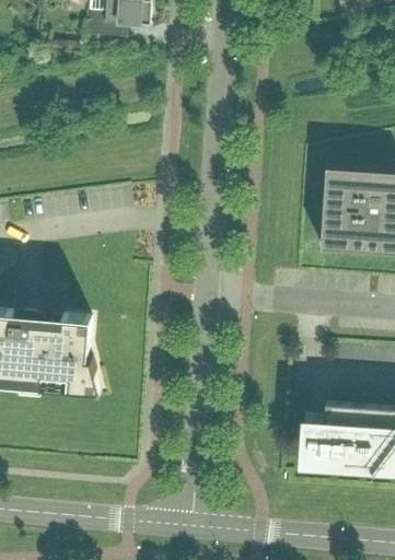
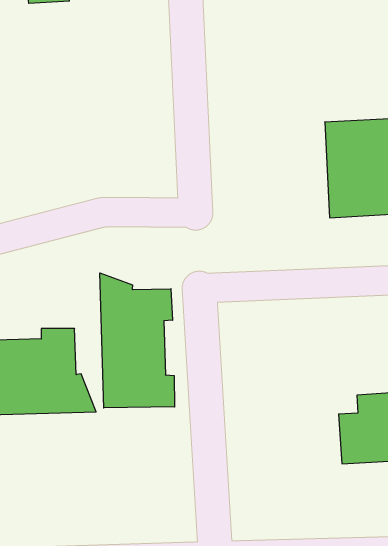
building: none -> [100,273,175,408]

